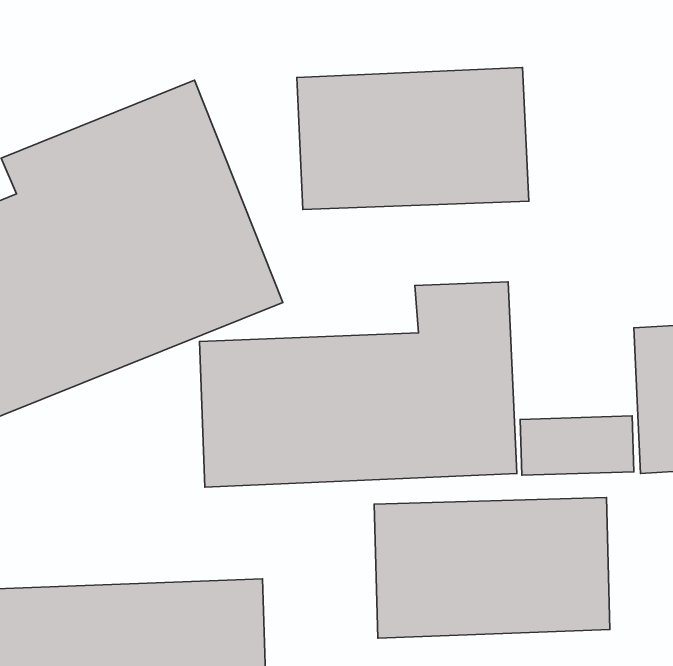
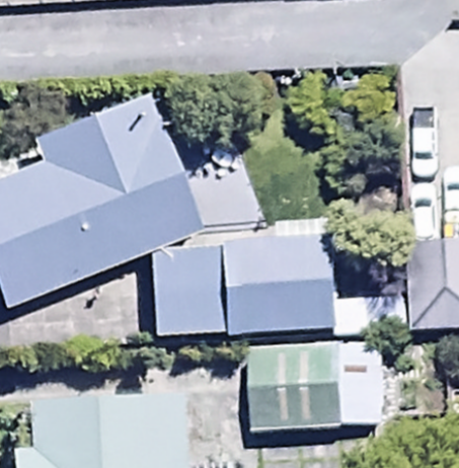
building: [297,68,529,209] -> none

